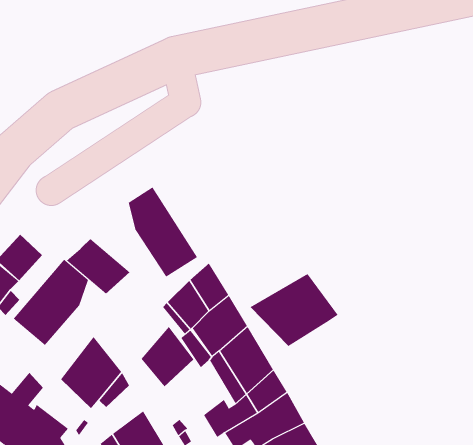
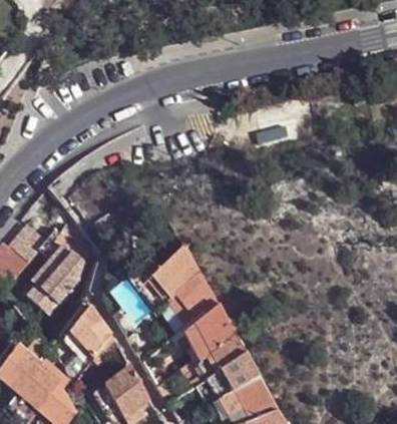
building: [128,187,198,277] -> none
building: [66,238,131,294] -> none
building: [249,273,338,347] -> none
building: [141,326,194,387] -> none

